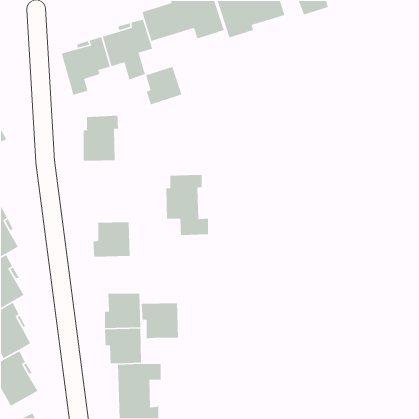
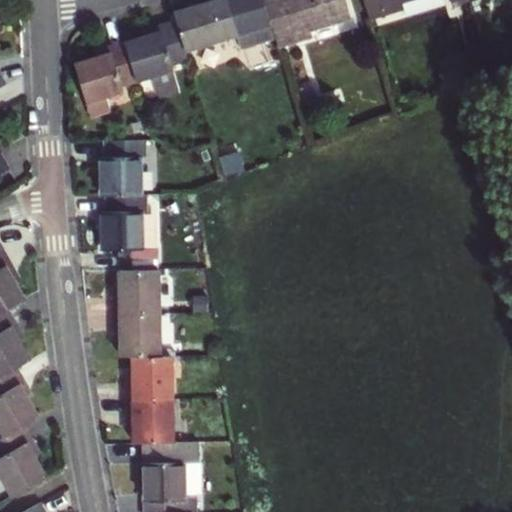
building: [145,66,182,105] -> none
building: [165,174,209,236] -> [101,196,154,271]
building: [141,302,179,339] -> [114,313,160,358]

